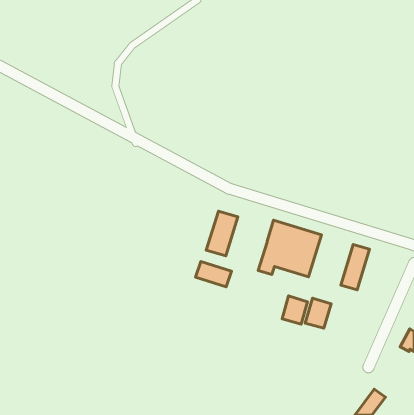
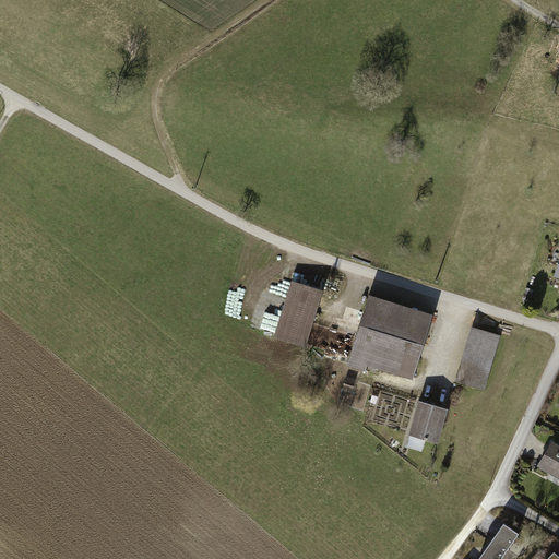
building: [196,262,231,287] -> none
building: [282,296,307,324] -> none

